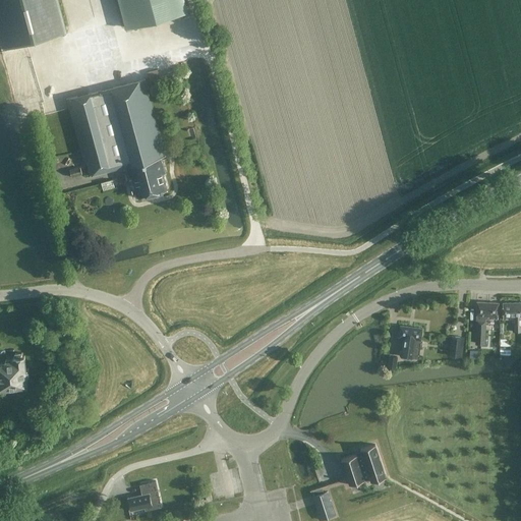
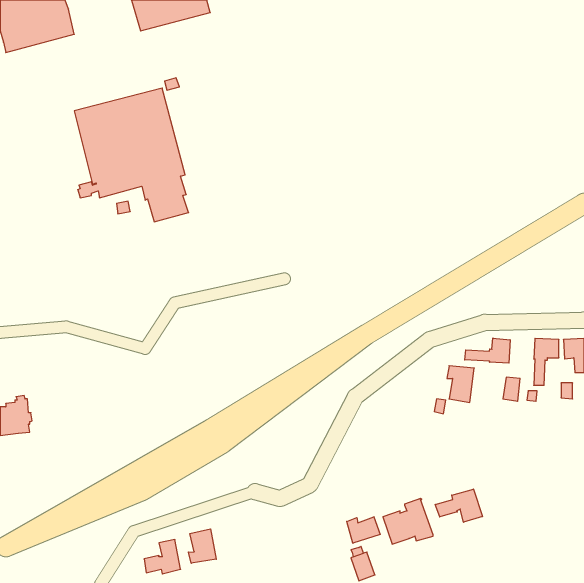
building: none -> [465,338,510,363]
building: none -> [435,489,482,522]
building: none -> [347,517,380,543]
building: none -> [188,529,216,563]

